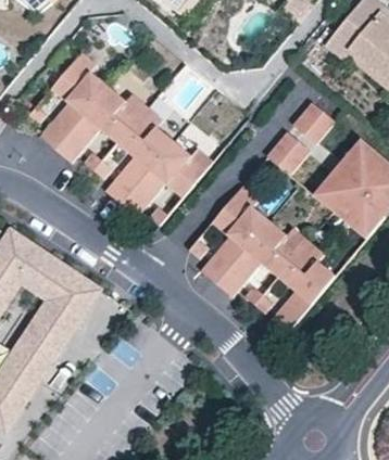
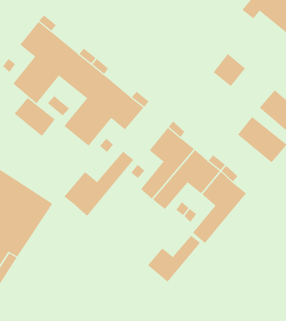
building: [265,130,308,174] -> none
building: none -> [14,97,56,137]
building: none -> [63,151,134,217]
building: none -> [147,235,201,283]

